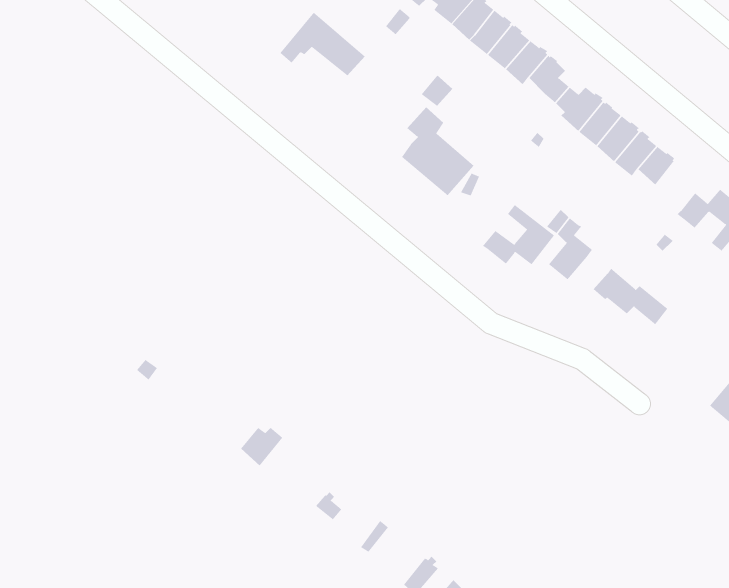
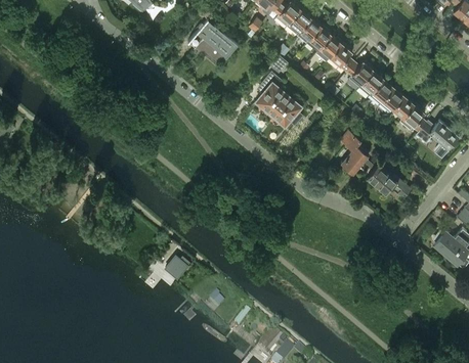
building: none -> [399,104,425,133]
building: [482,204,555,265] -> none

